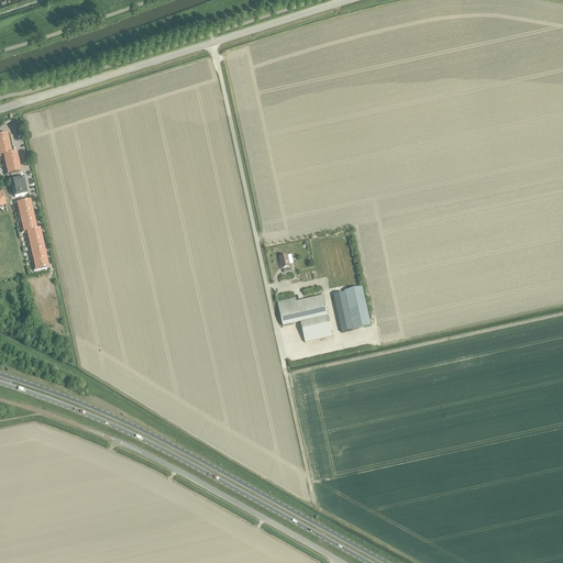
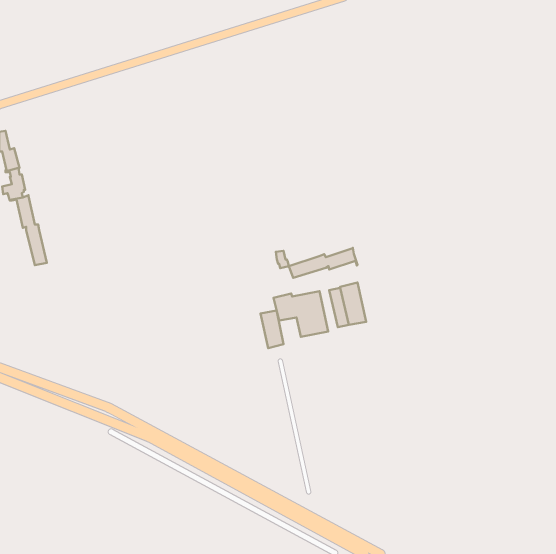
building: none -> [289,248,358,278]
building: none -> [261,311,284,348]

